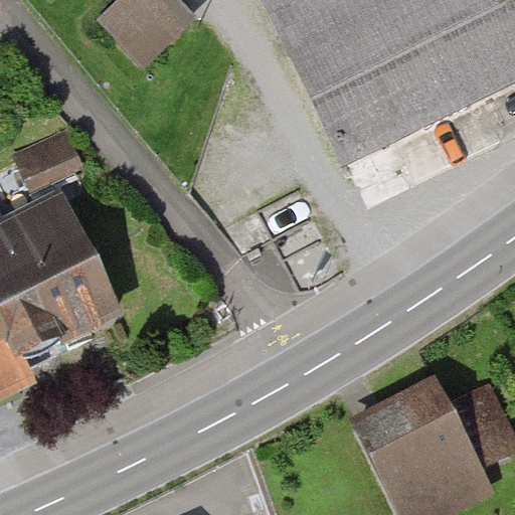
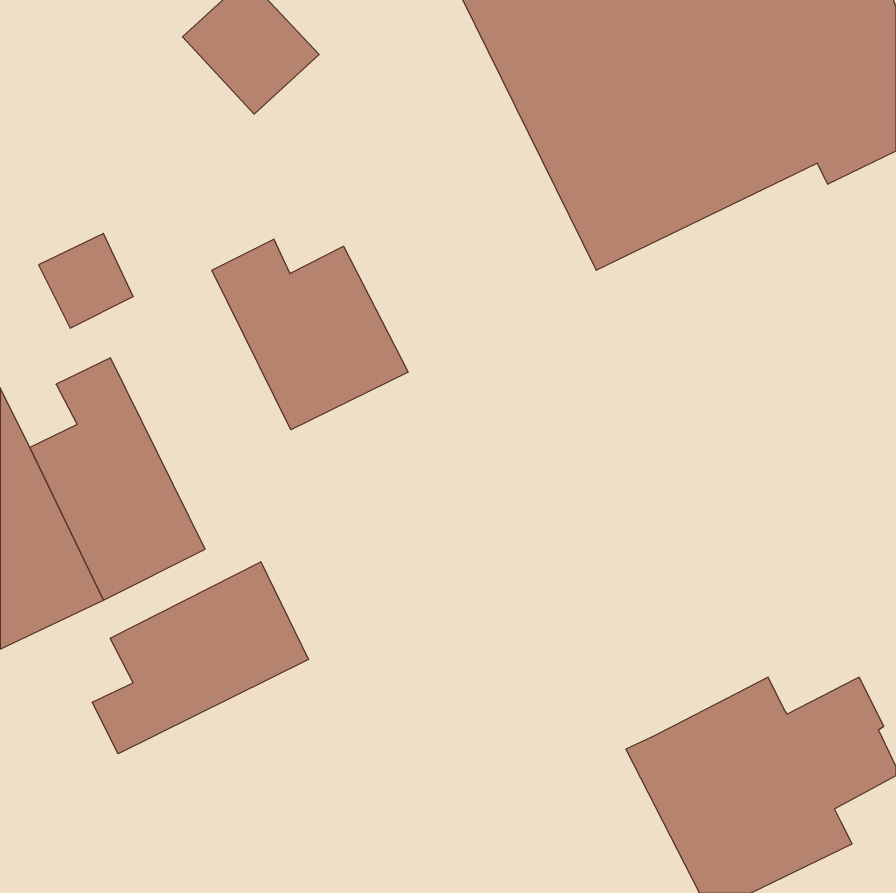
building: none -> [212,239,408,430]
building: none -> [92,562,309,754]

